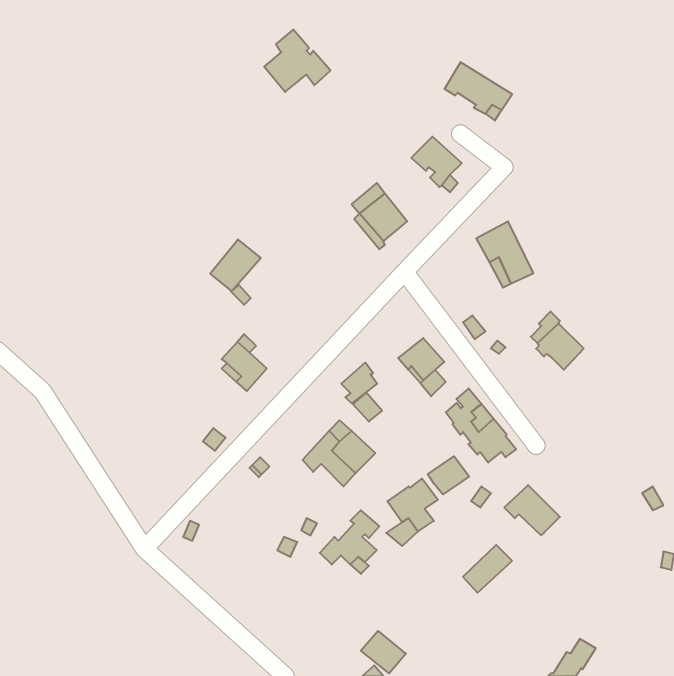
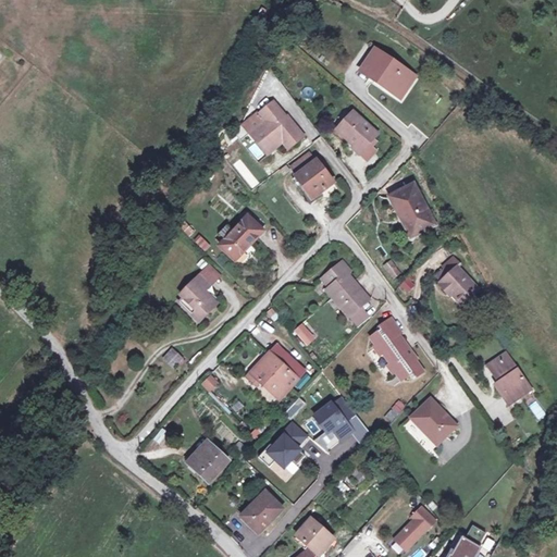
building: [264,30,330,92] -> [240,97,295,148]
building: [210,239,261,291] -> [220,215,261,258]
building: [341,363,377,404] -> [318,260,347,294]
building: none -> [490,351,532,403]
building: [428,456,469,494] -> none
building: none -> [185,443,223,481]
building: [463,545,512,593] -> [395,508,435,547]
building: none -> [243,490,283,529]

